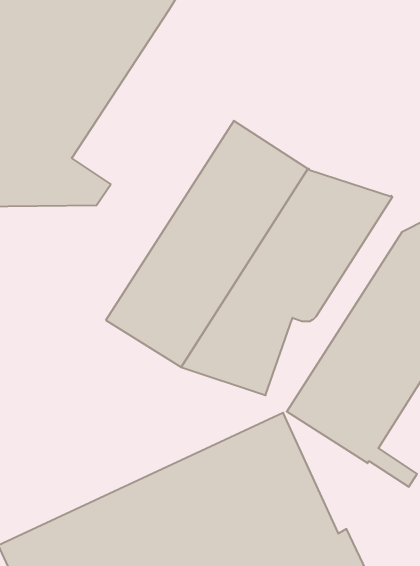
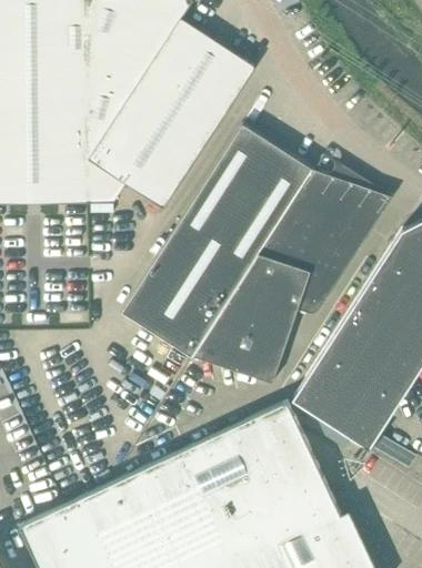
building: none -> [89,19,255,209]

